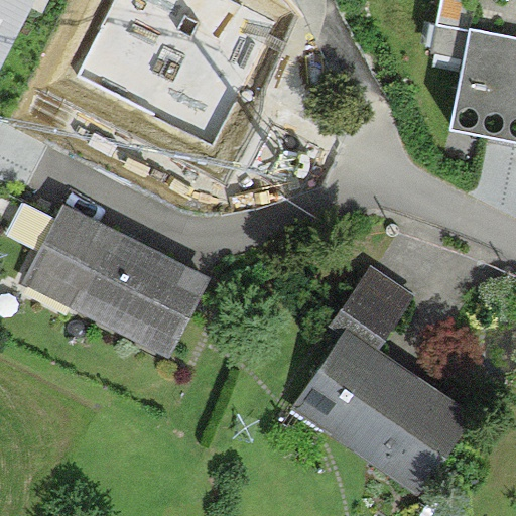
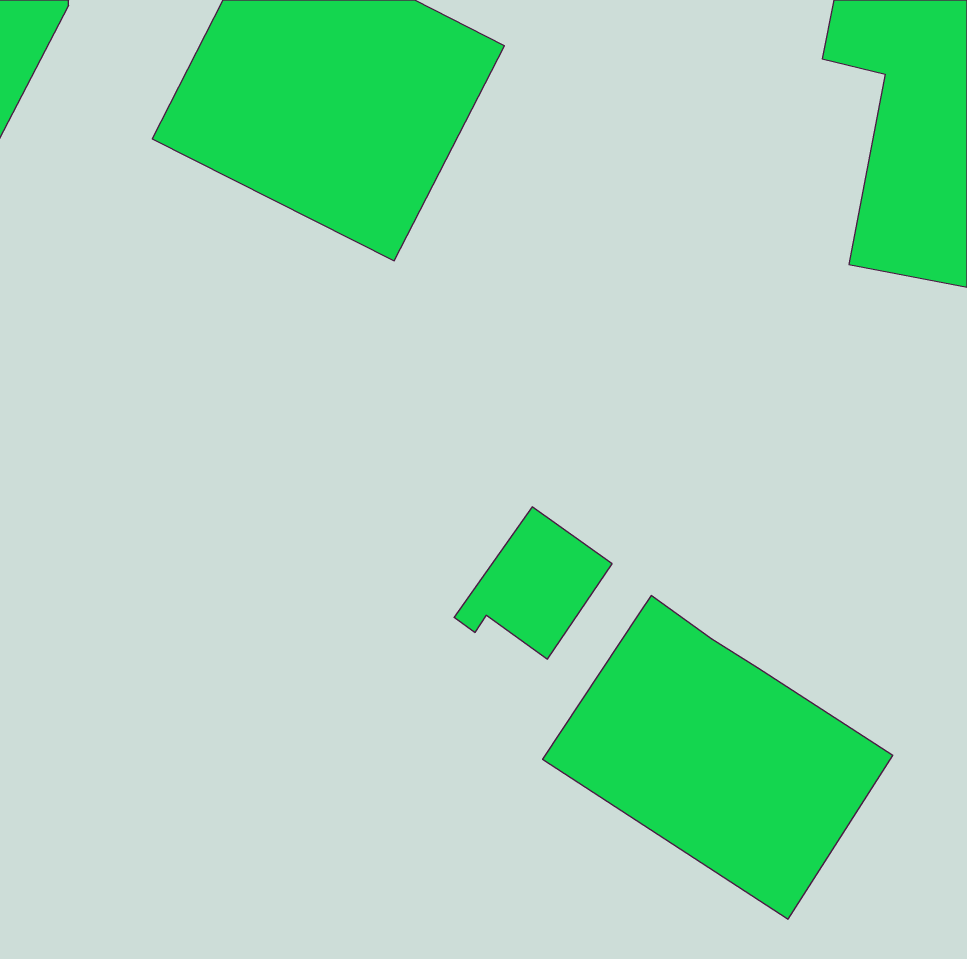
building: [19,199,211,362] -> none
building: [328,265,411,346] -> [454,507,612,659]

